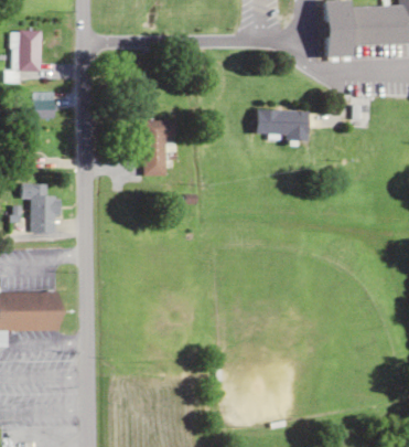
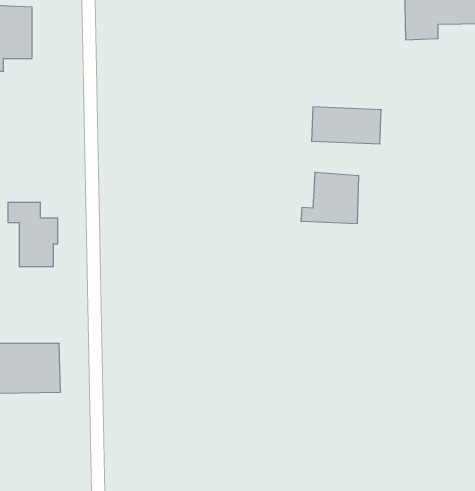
building: [31,93,53,118] -> none
building: [142,120,176,175] -> none
building: none -> [301,172,359,224]

